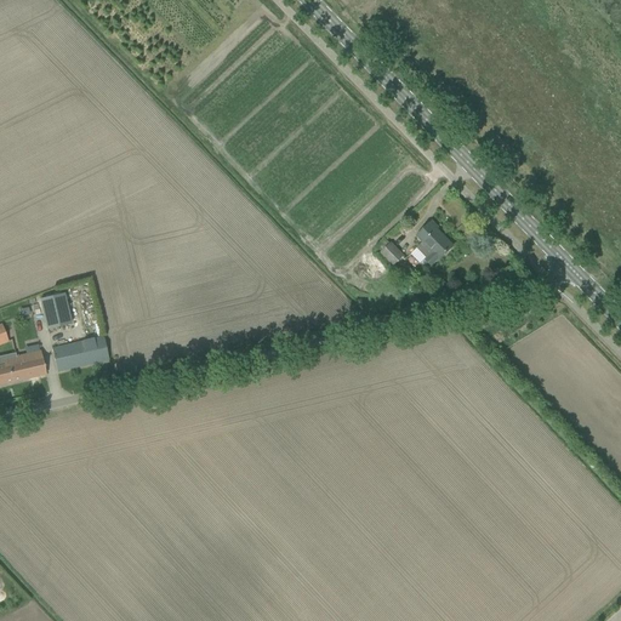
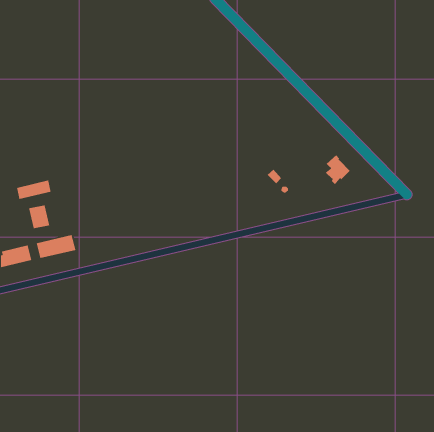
building: [416,221,452,264] -> [325,155,350,185]
building: none -> [16,180,51,200]

